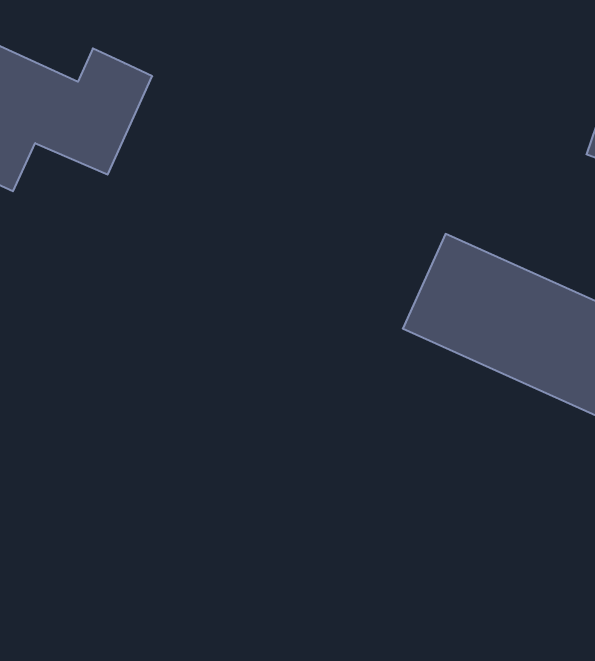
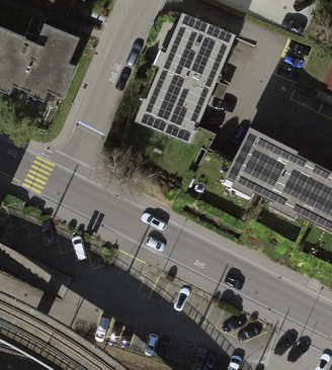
building: none -> [140,15,232,138]

